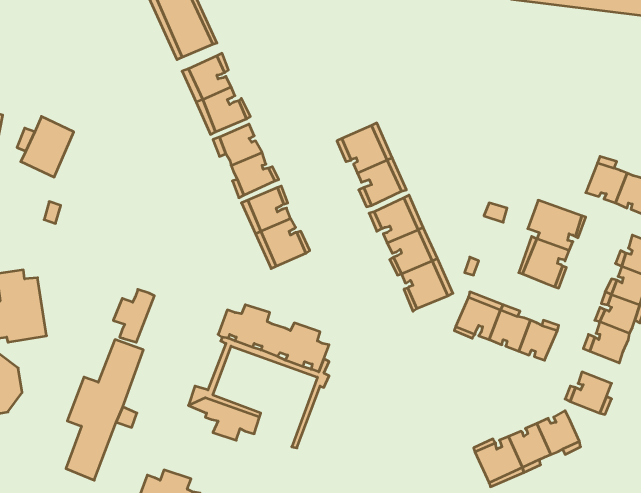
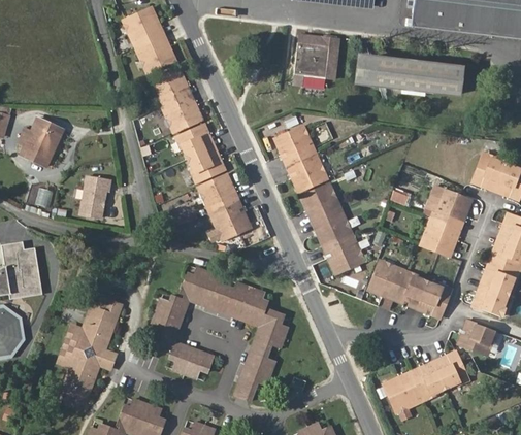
building: none -> [296,40,331,76]
building: none -> [361,55,462,90]
building: none -> [80,176,109,218]
building: [113,289,154,342] -> [152,295,185,337]
building: none -> [232,310,286,401]

